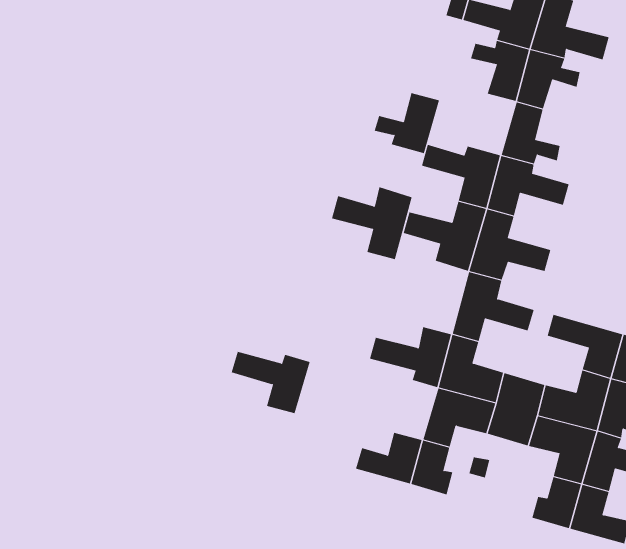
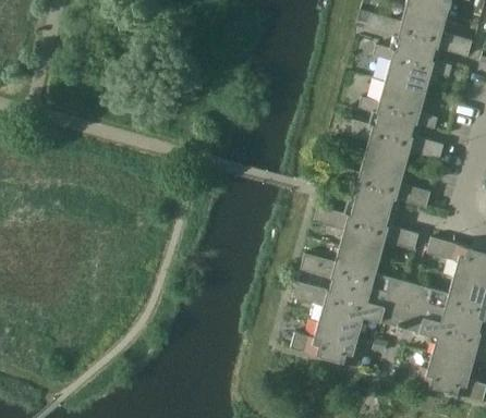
building: [374,93,440,154] -> [360,81,406,124]
building: [331,186,412,260] -> [315,199,373,251]
building: [231,351,311,414] -> [294,282,351,327]

